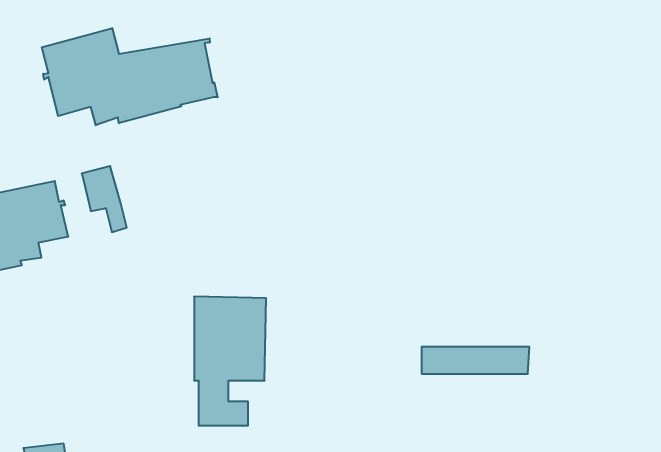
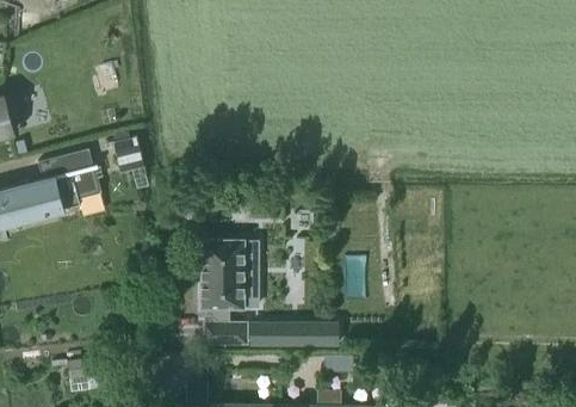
building: [42,28,218,125] -> none
building: [422,347,529,374] -> [252,322,337,344]

